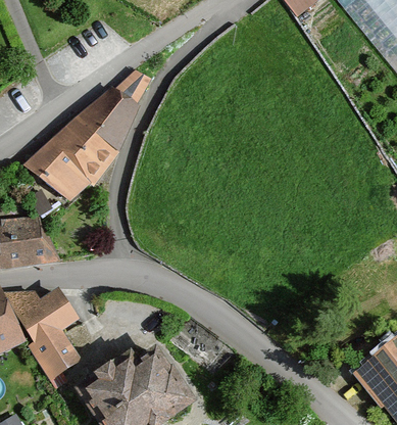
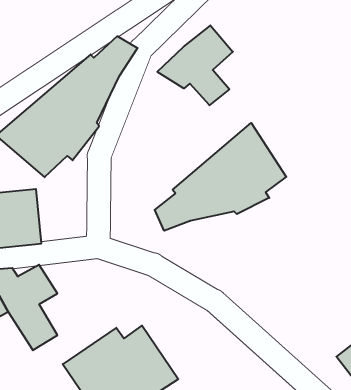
building: none -> [157,25,233,105]
building: none -> [155,123,286,231]

